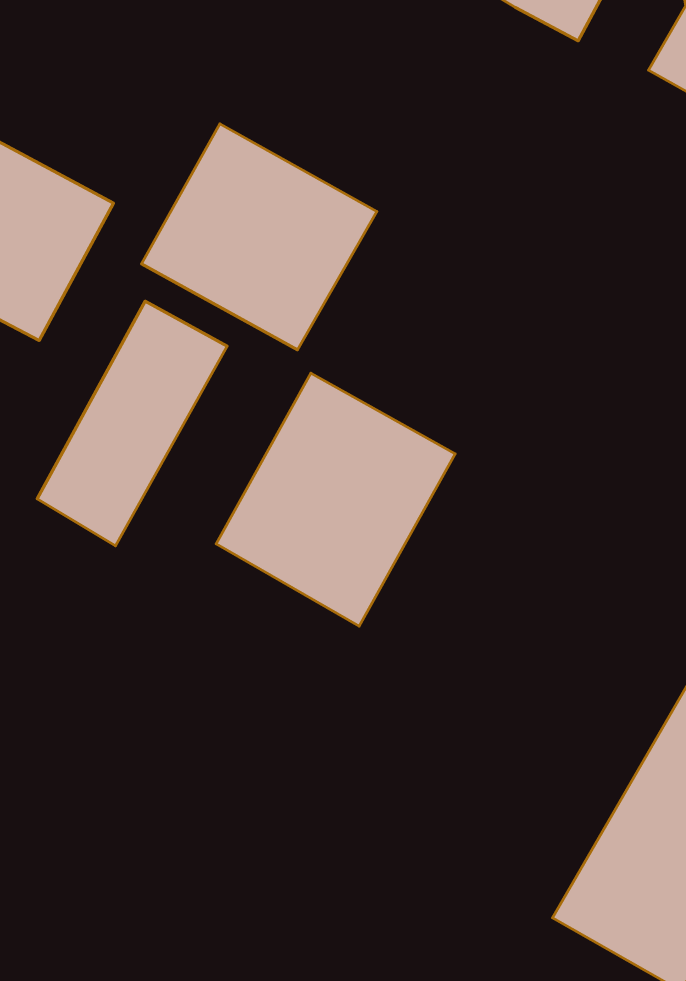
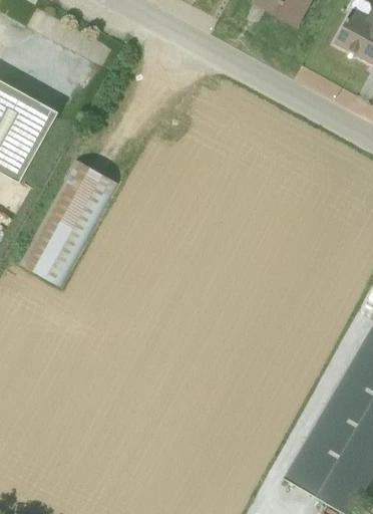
building: [141,124,377,350] -> none
building: [216,373,455,626] -> none

